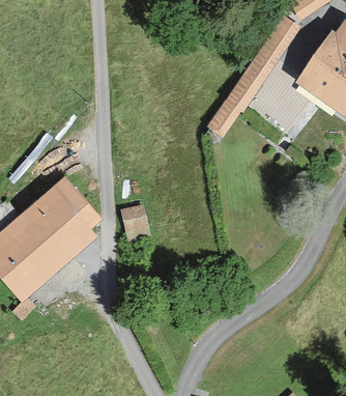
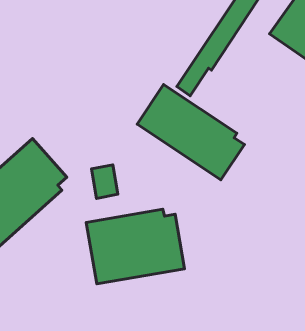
building: none -> [137,84,244,180]
building: none -> [86,209,184,284]

